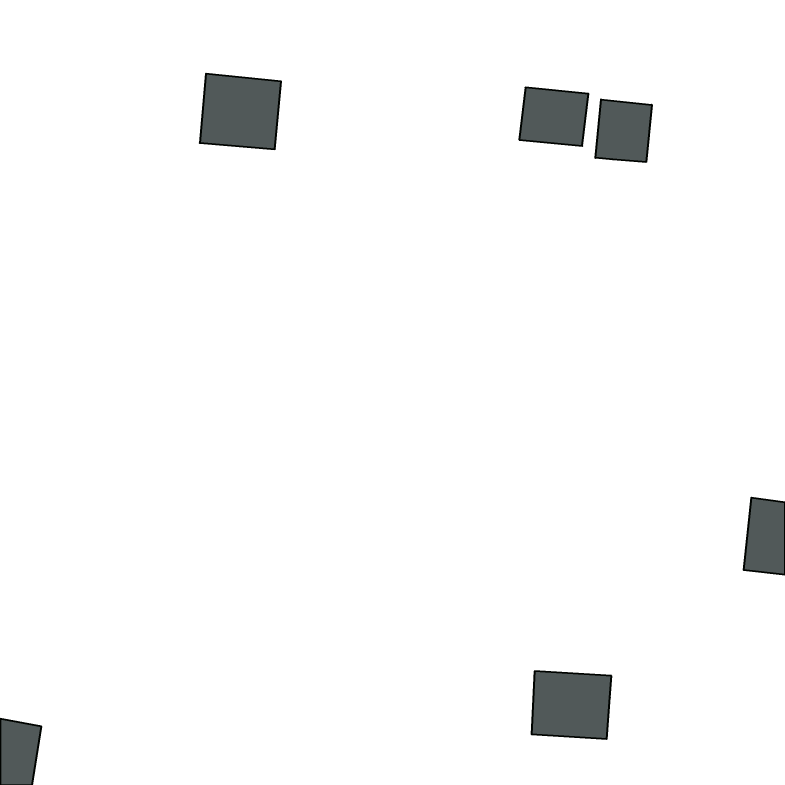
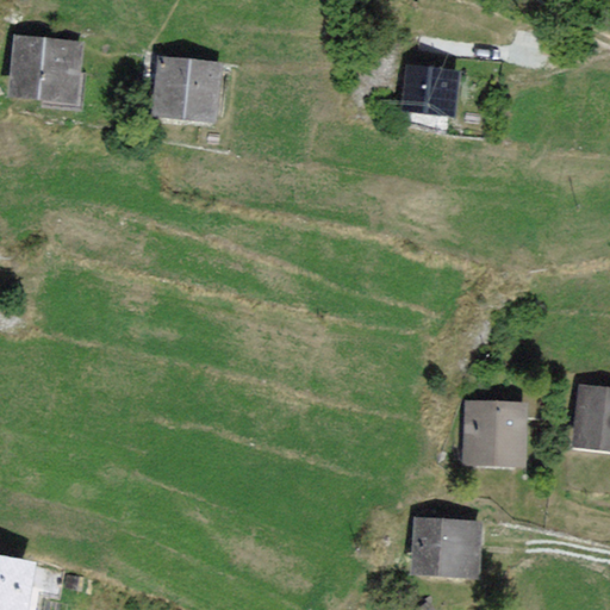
building: none -> [11,38,82,99]
building: [595,99,652,162] -> none
building: none -> [468,403,522,462]

